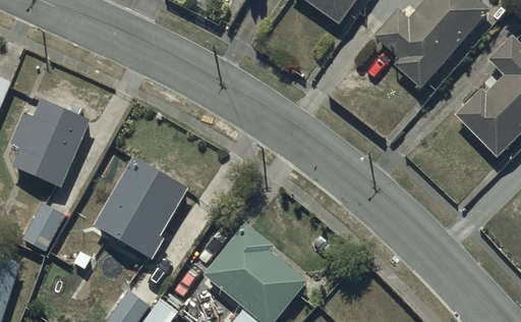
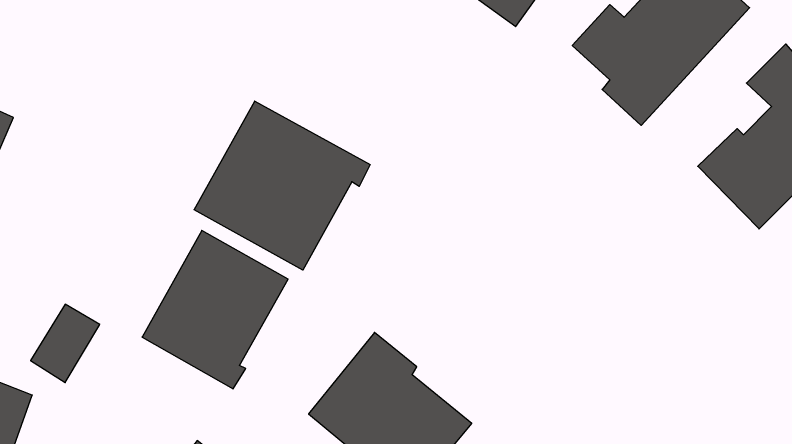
building: none -> [194,101,370,270]
building: [10,97,91,186] -> none

